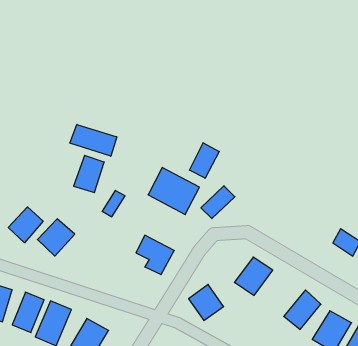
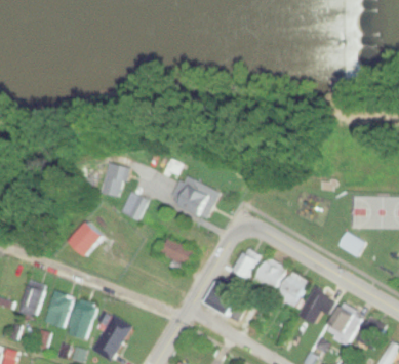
building: [70,124,117,156] -> none
building: [190,143,219,178] -> none
building: [201,186,235,219] -> [230,250,262,281]
building: [8,207,43,243] -> none
building: none -> [276,273,308,307]

